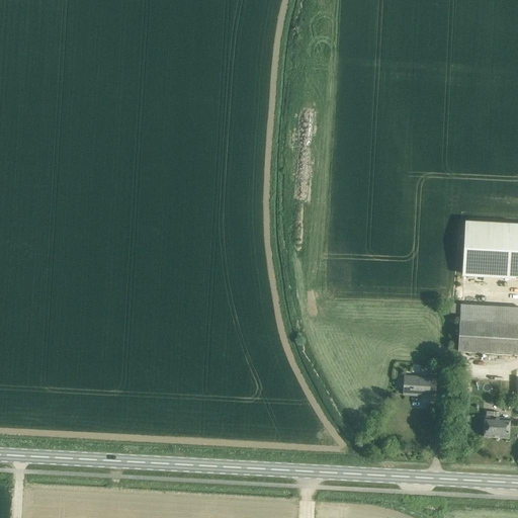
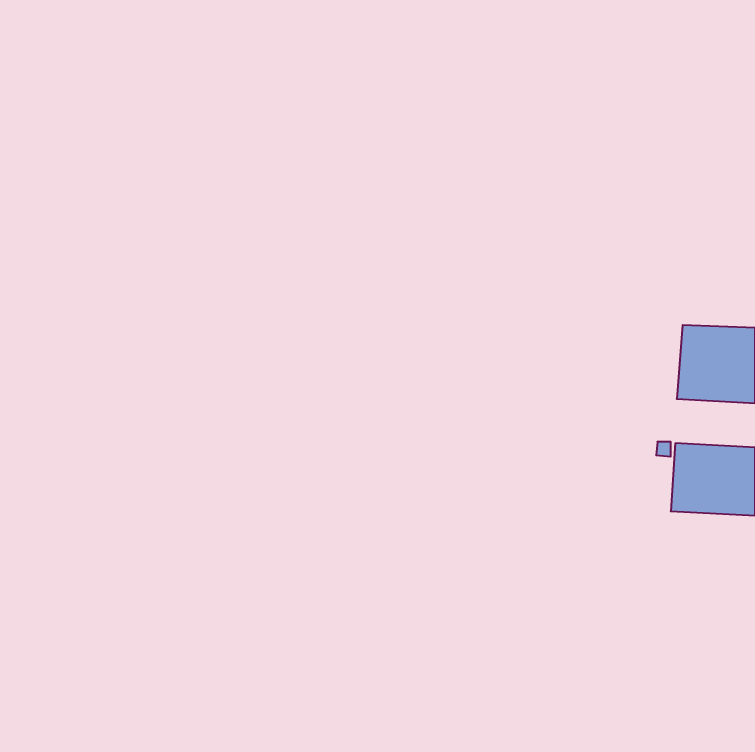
building: [403,371,437,394] -> none
building: [485,410,509,437] -> none

